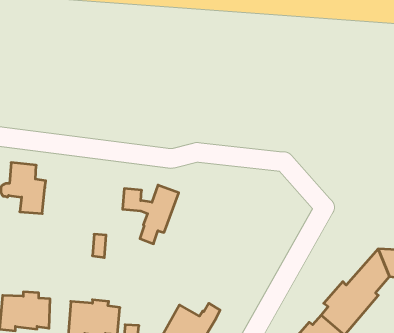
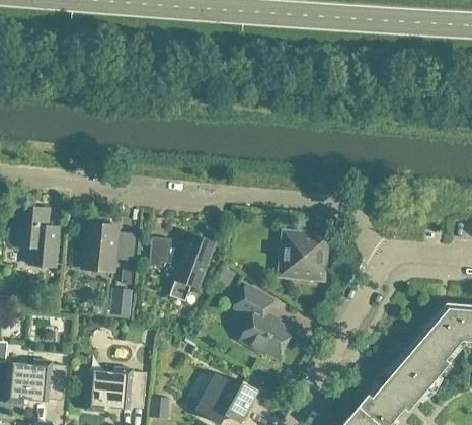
building: none -> [83,222,135,266]
building: none -> [281,233,325,277]
building: none -> [234,285,292,357]

